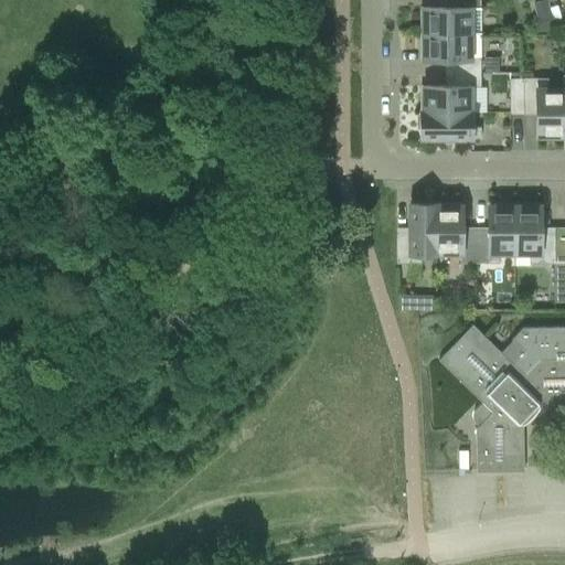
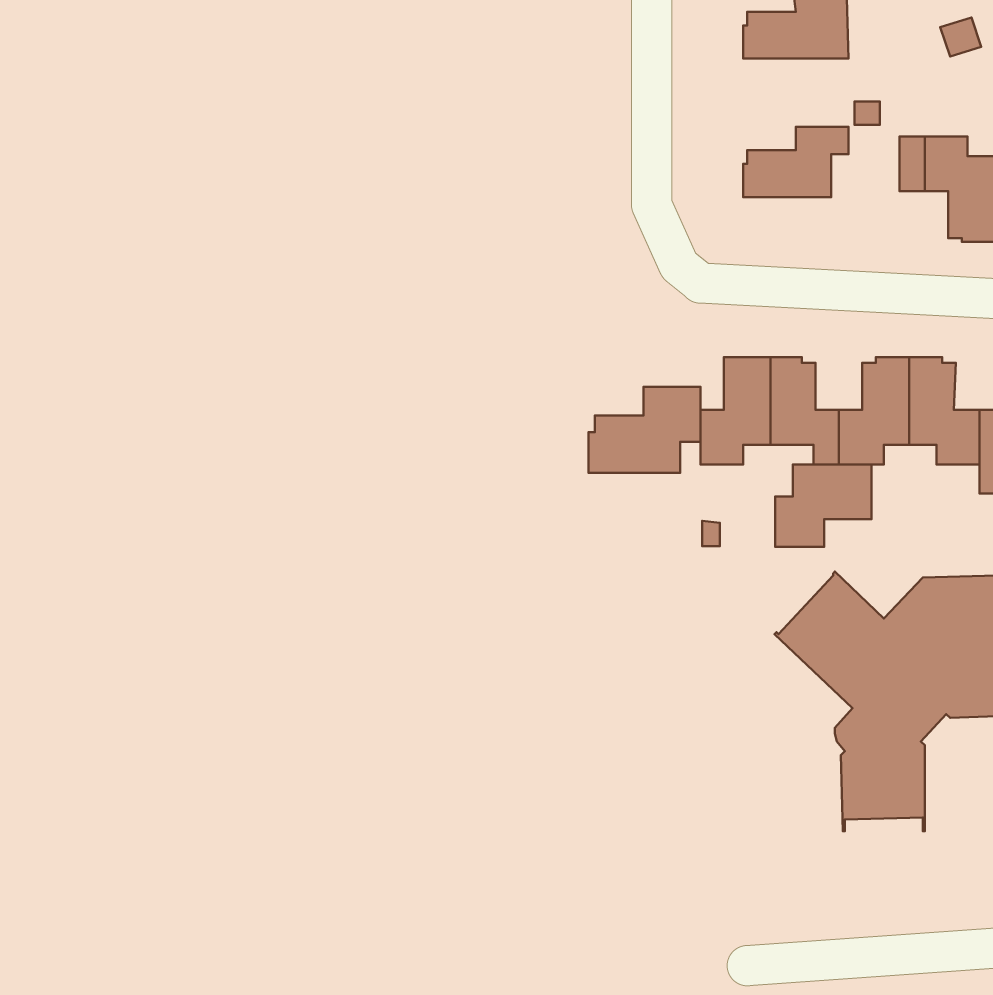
building: [423,33,482,72] -> none
building: [423,111,482,137] -> none
building: none -> [589,387,700,473]
building: none -> [775,464,871,547]

